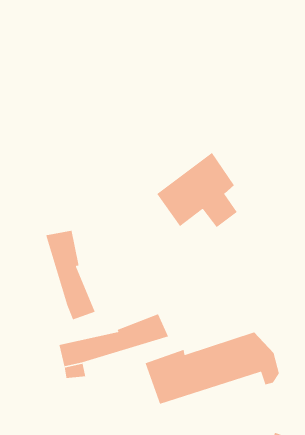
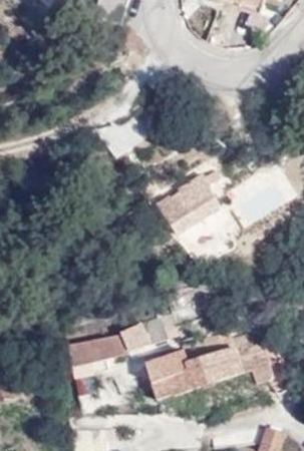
building: [45,230,96,320] -> none

